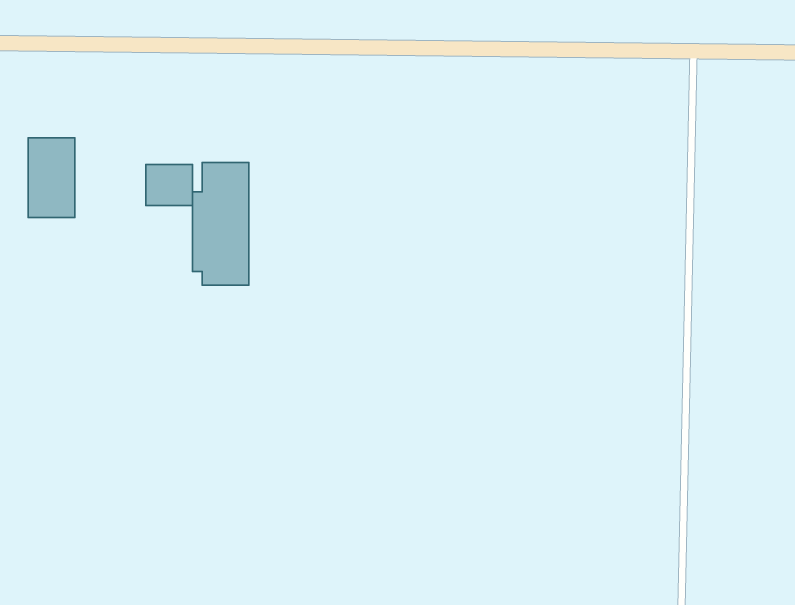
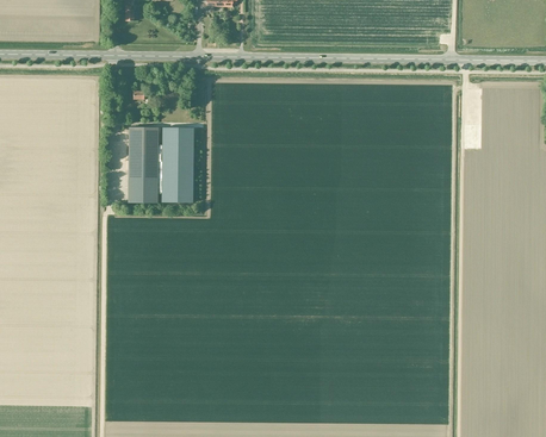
building: [28,138,75,217] -> [130,152,159,201]

